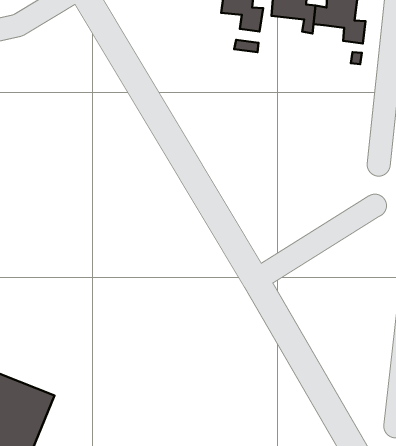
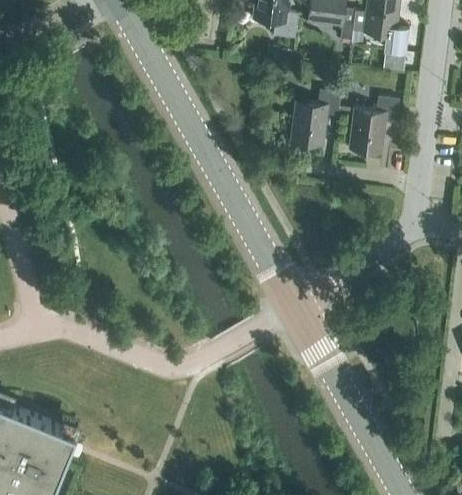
building: none -> [291,93,341,148]
building: none -> [350,100,400,155]

